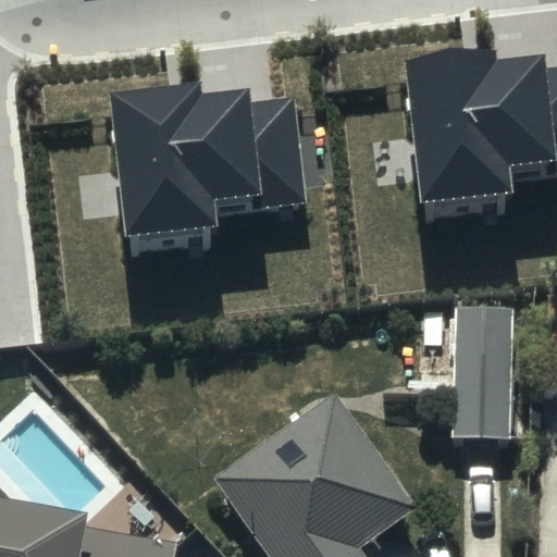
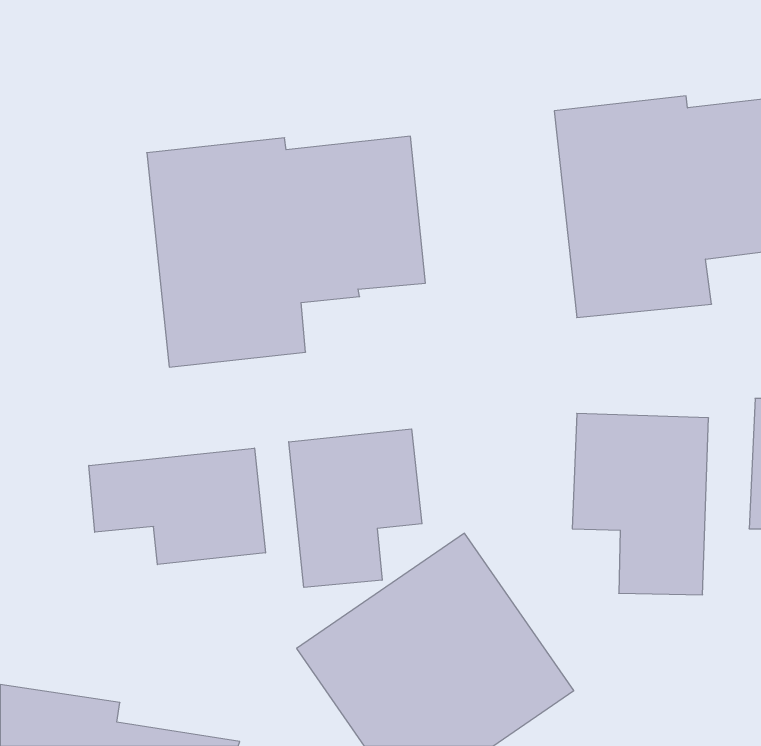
building: none -> [289,429,422,587]
building: none -> [89,448,265,565]

